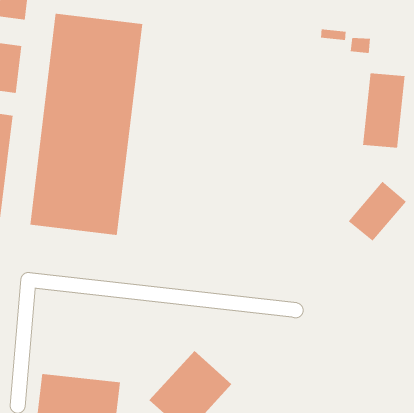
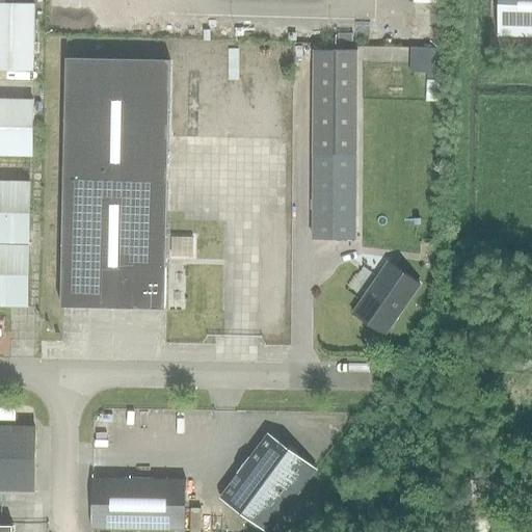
building: none -> [312,49,356,238]
building: [363,72,405,149] -> none
building: [348,181,407,241] -> [352,262,419,334]

